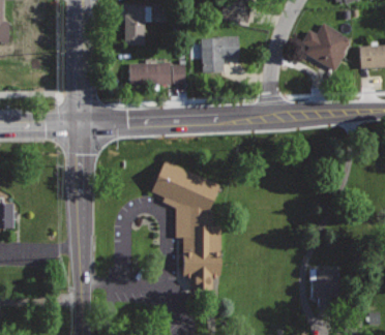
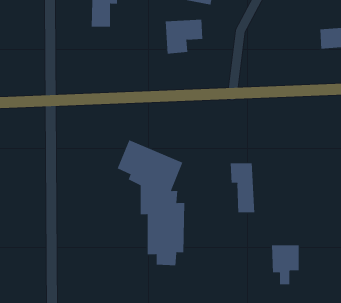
building: [297,24,351,72] -> none
building: [130,63,186,85] -> none
building: none -> [230,163,255,213]

